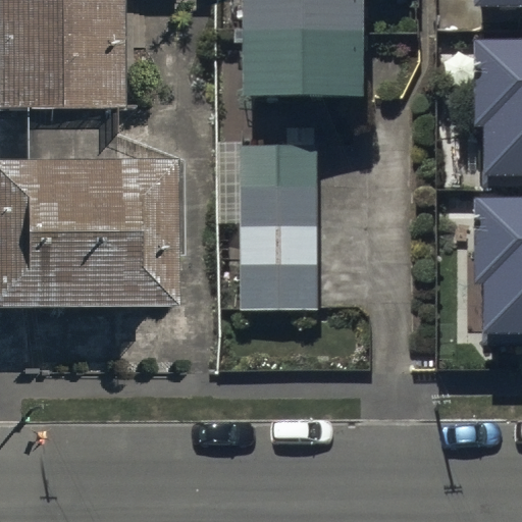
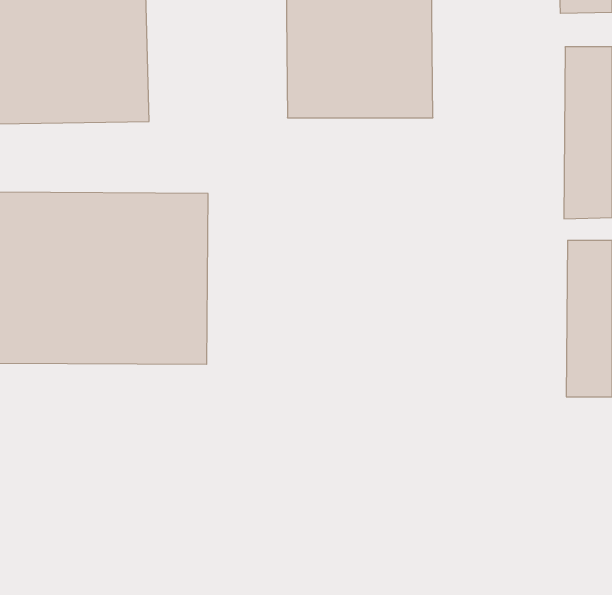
building: [218,134,318,302] -> none

